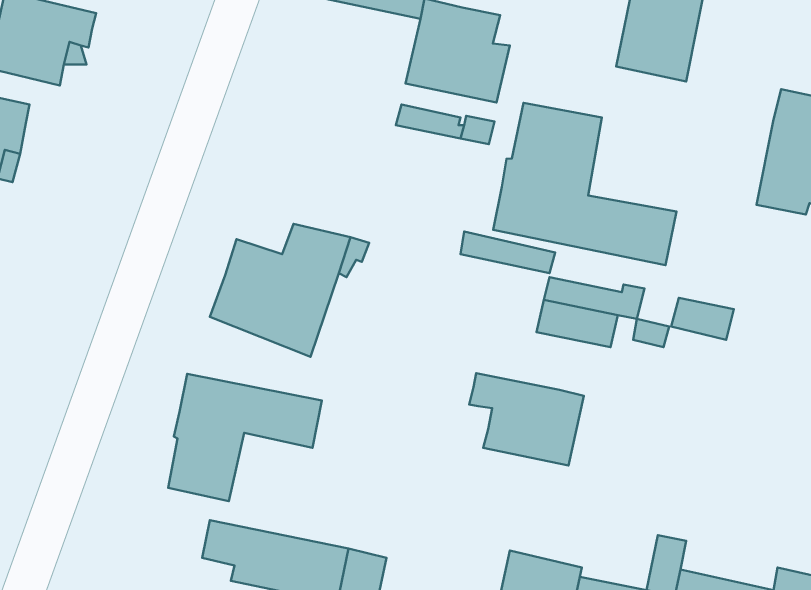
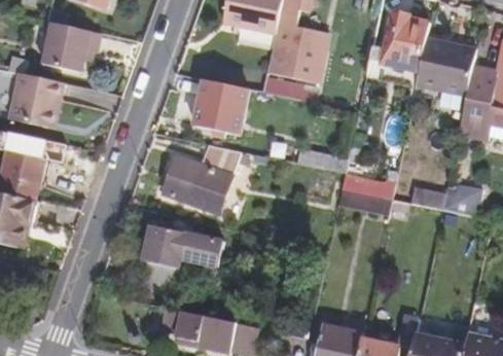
building: none -> [418,37,475,88]
building: none -> [195,78,256,137]
building: [493,103,676,265] -> none
building: none -> [442,181,482,215]
building: [469,373,584,465] -> none

